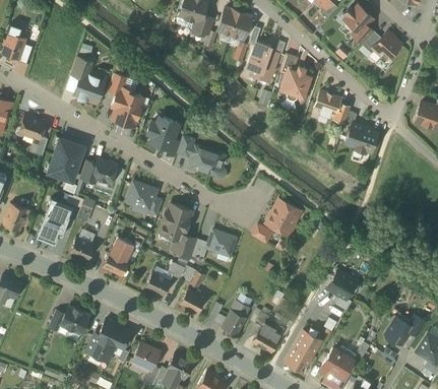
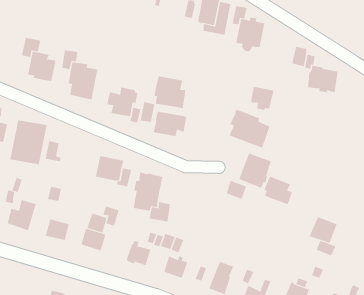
building: [316,90,341,116] -> [250,86,275,111]
building: none -> [154,75,186,109]
building: none -> [229,109,270,149]
building: [92,159,118,184] -> none
building: none -> [264,176,293,205]
building: [208,231,235,255] -> none

